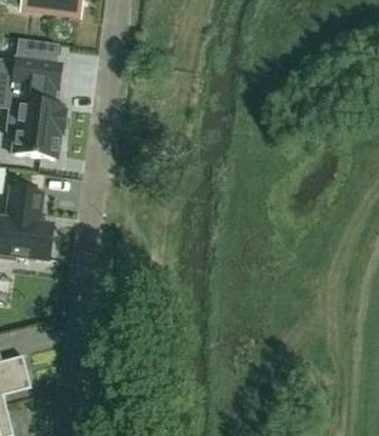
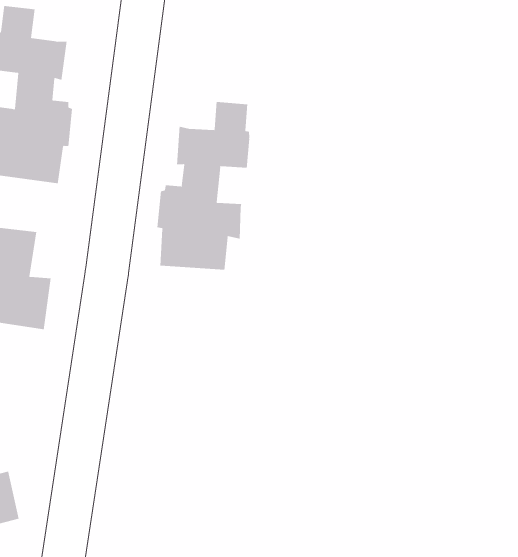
building: none -> [157,101,250,271]

